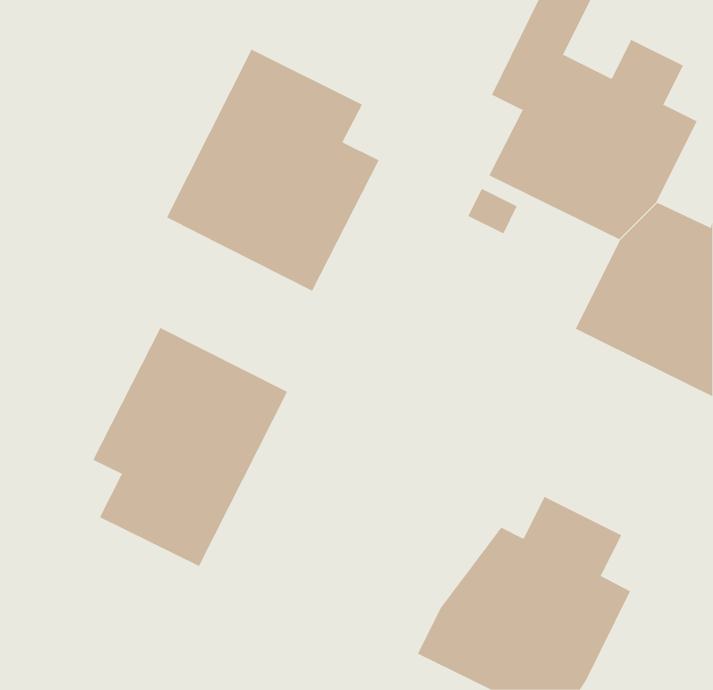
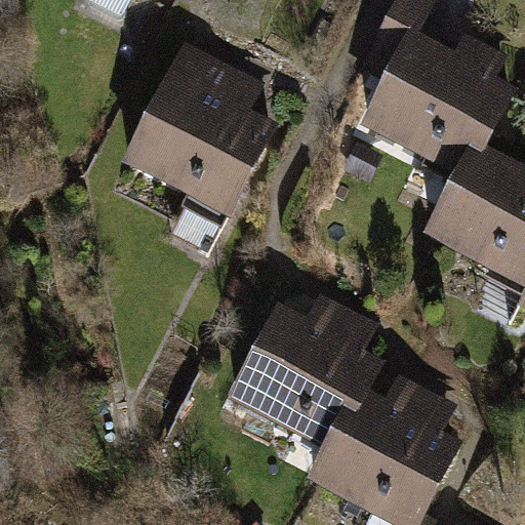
building: [92,327,288,567] -> none
building: none -> [229,287,383,446]

